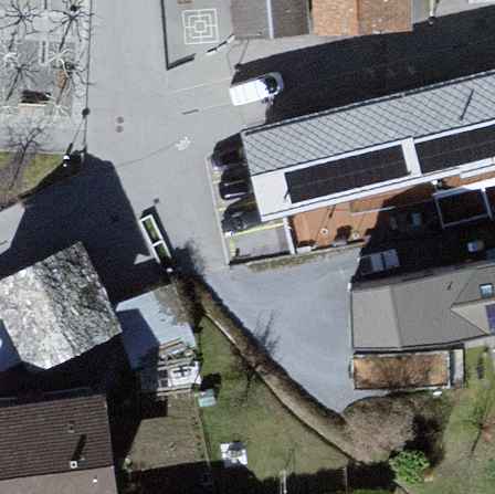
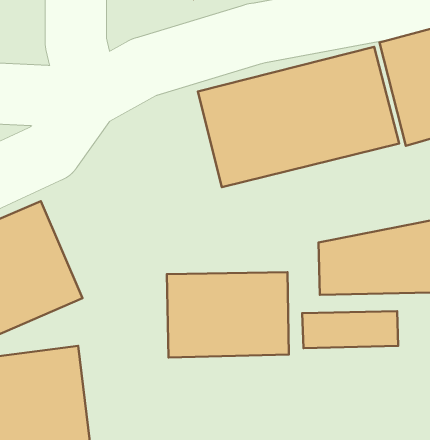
building: none -> [167,272,289,357]

